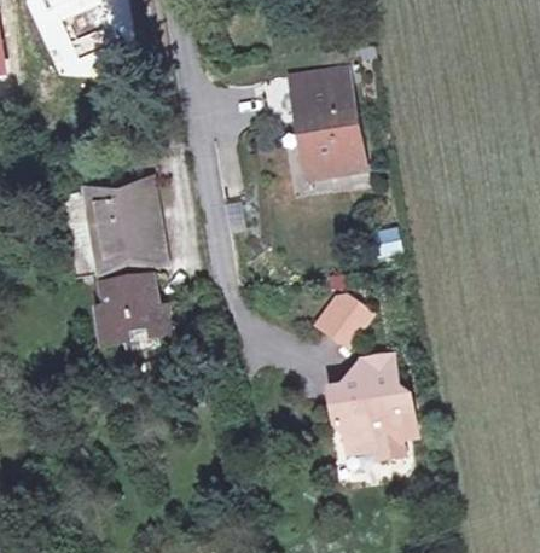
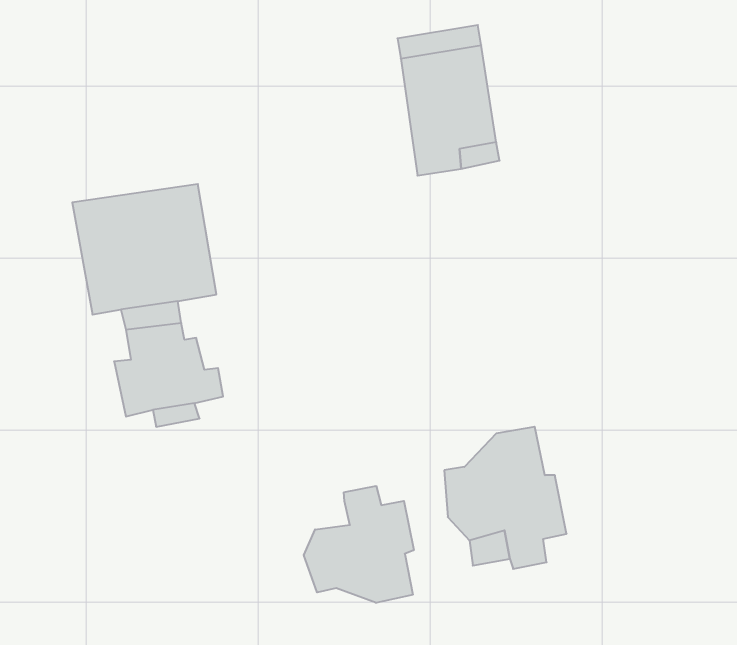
building: [319,296,376,348] -> none
building: none -> [304,486,414,603]

